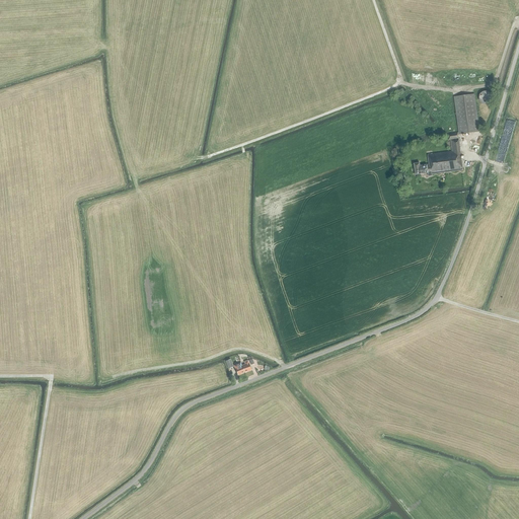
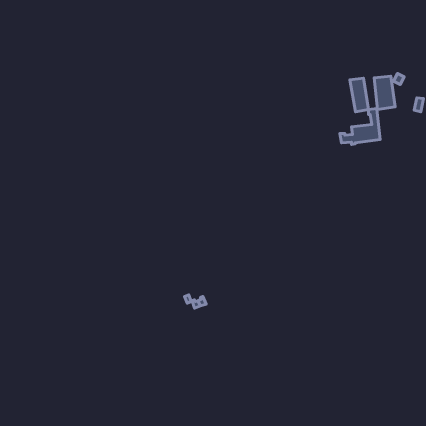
building: none -> [350,78,368,112]

